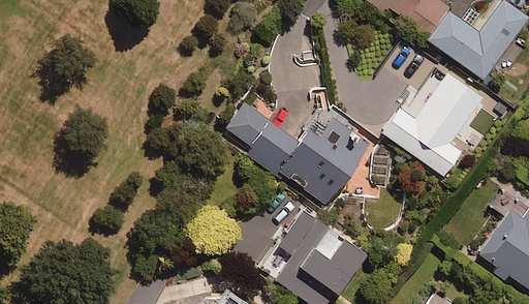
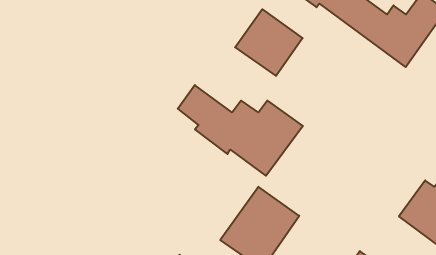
building: none -> [235,9,303,76]
building: [378,70,484,178] -> none

